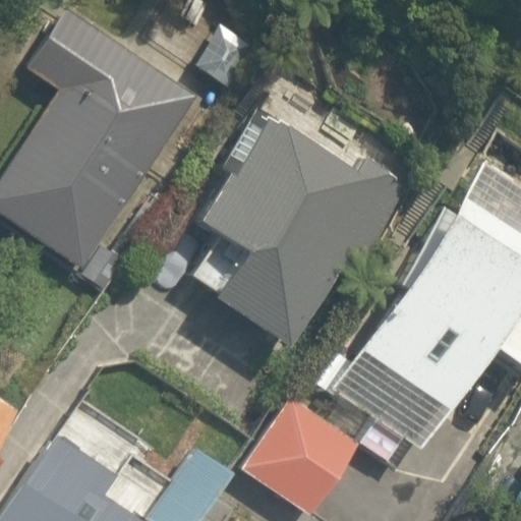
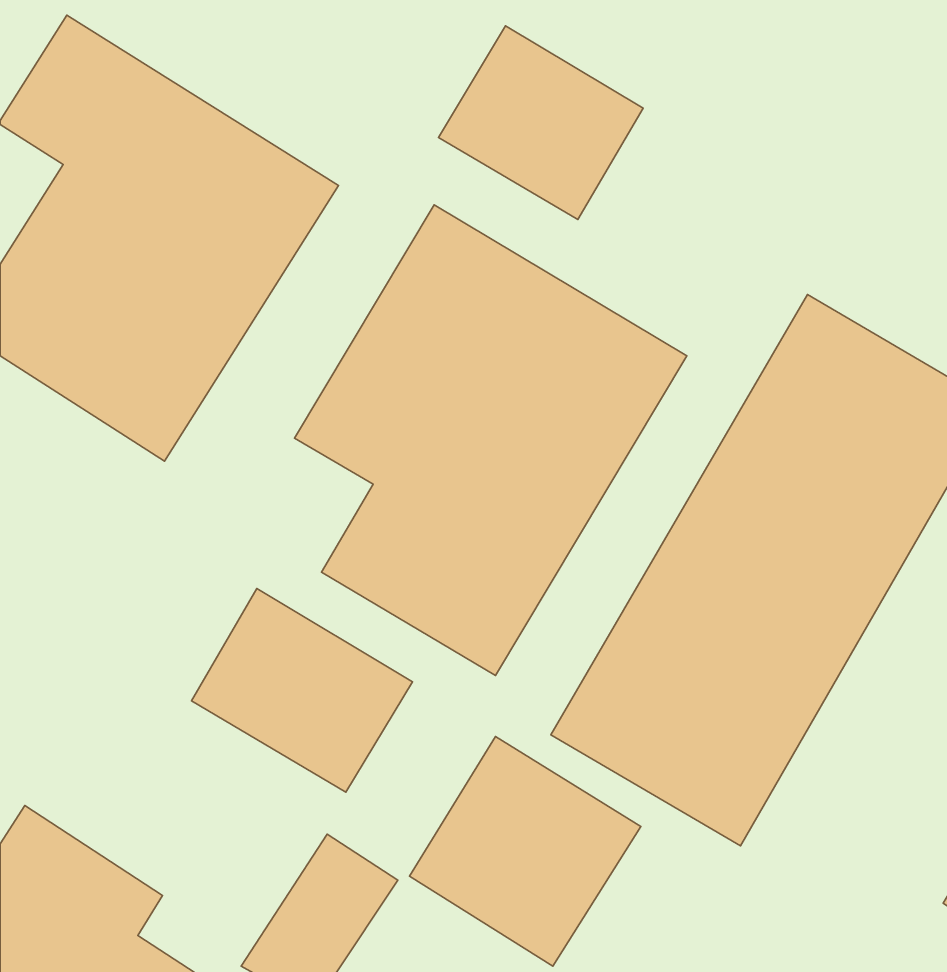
building: none -> [439,26,643,220]
building: none -> [191,589,412,792]

